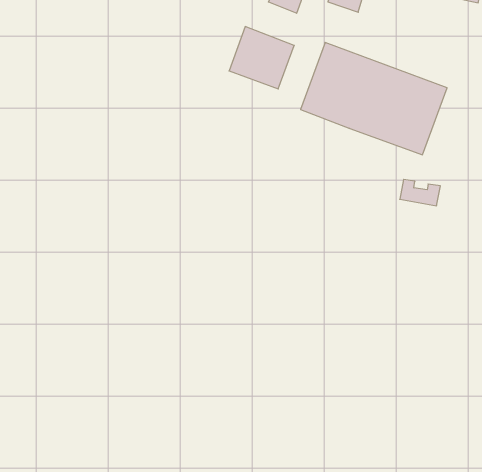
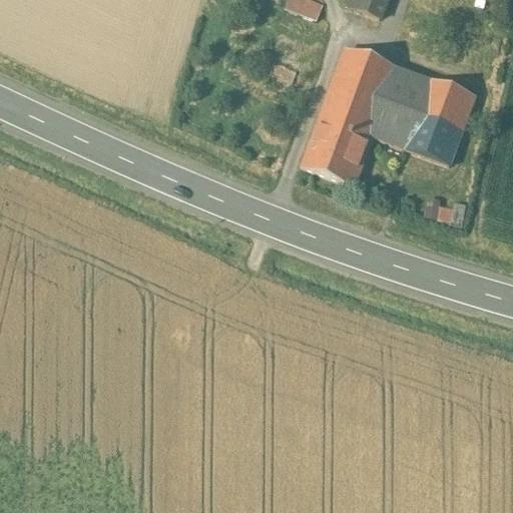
building: [229,27,294,89] -> [302,116,371,182]

